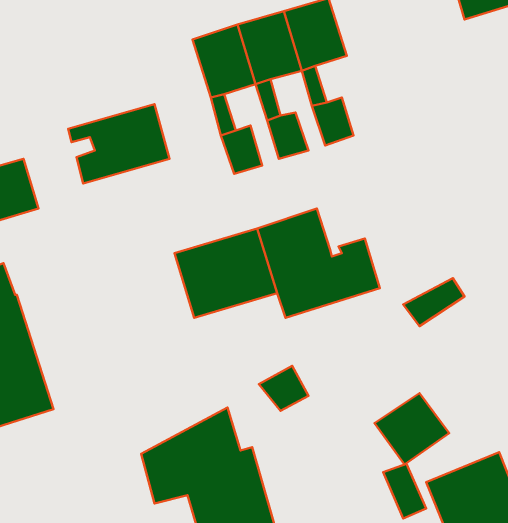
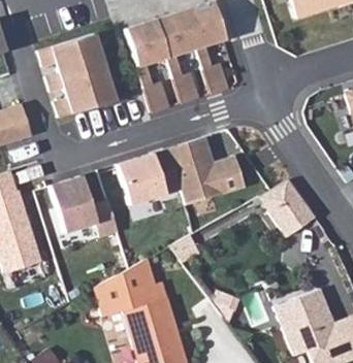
building: none -> [40,38,104,87]
building: none -> [50,175,118,236]
building: [375,393,449,464] -> [269,191,316,235]

